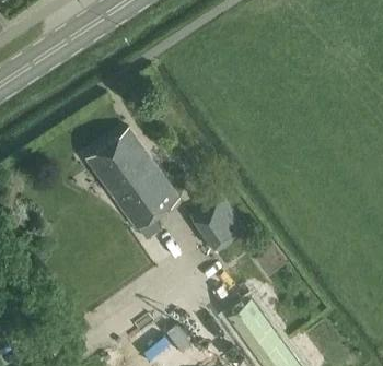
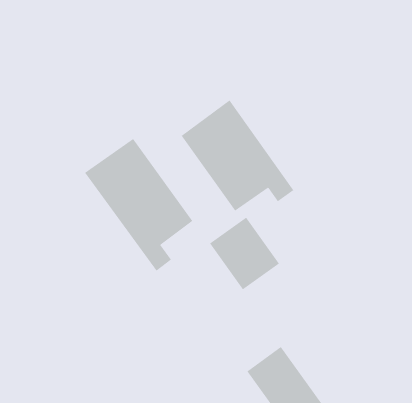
building: none -> [181,100,294,212]

